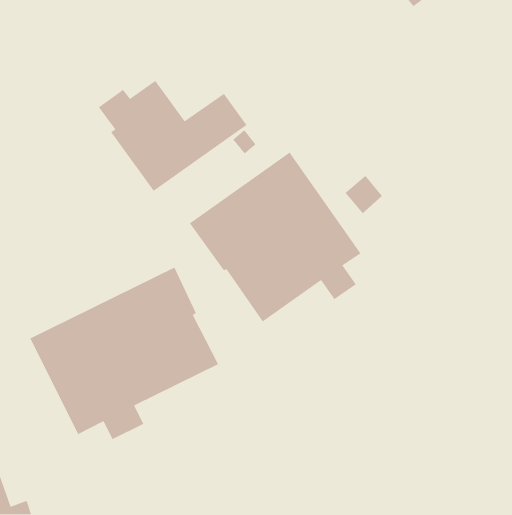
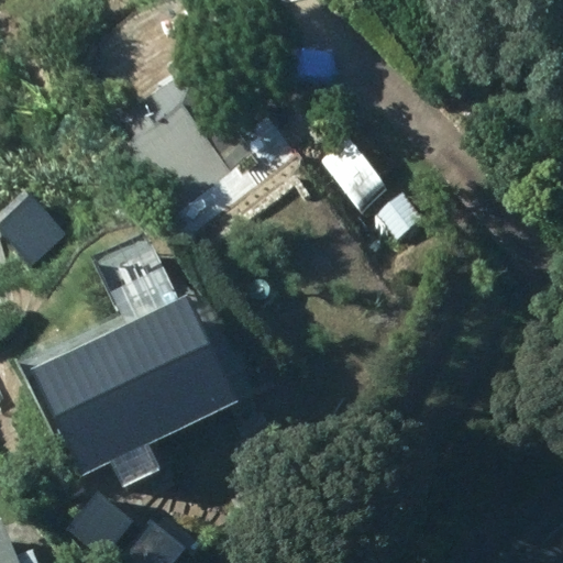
building: [189,152,362,322] -> none

